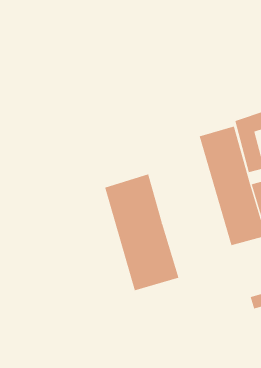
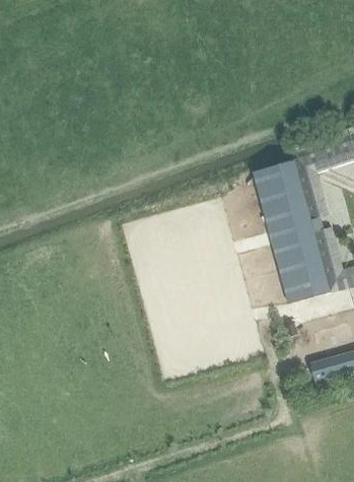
building: [105,173,179,291] -> none

